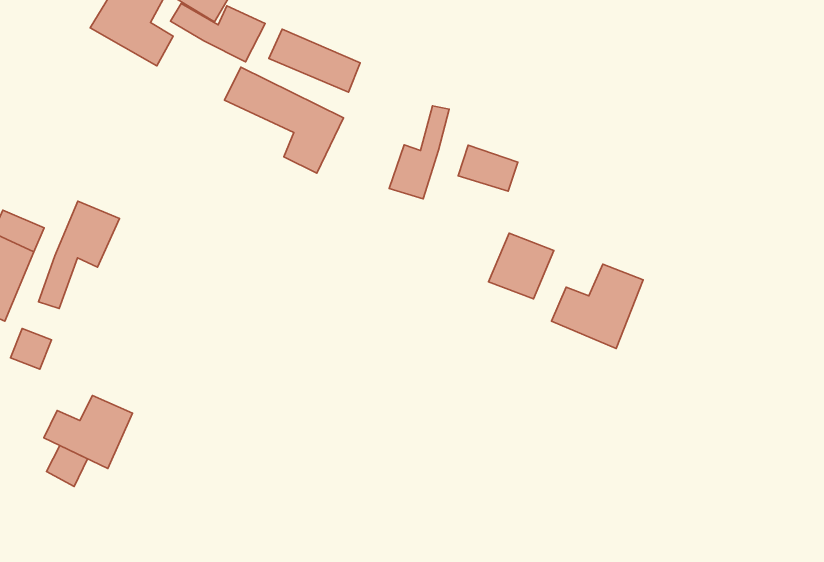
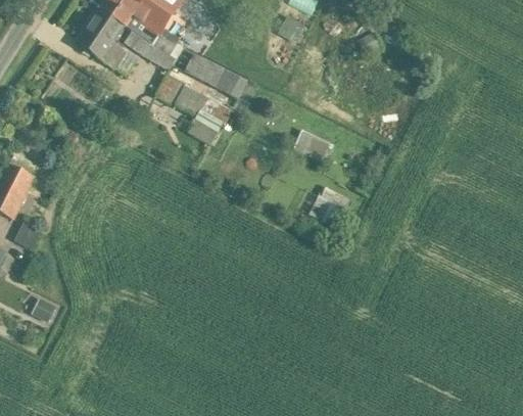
building: [389,106,449,199] -> none
building: [39,201,120,308] -> none
building: [551,264,643,349] -> none
building: [44,395,132,468] -> none

